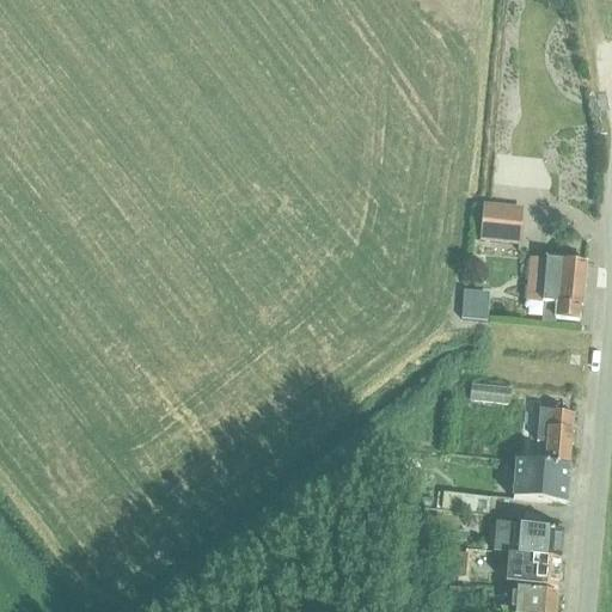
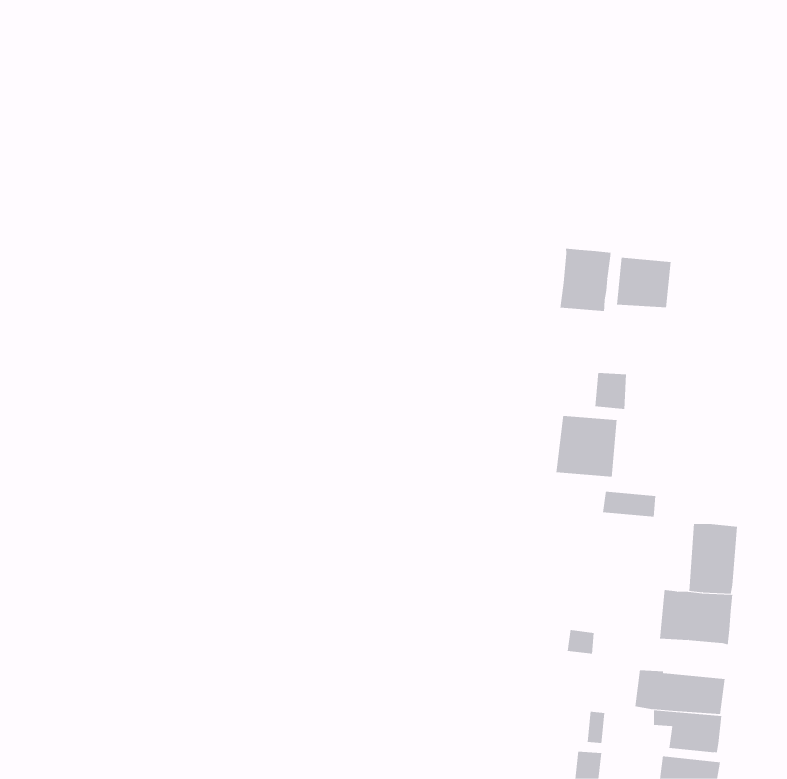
building: none -> [560,248,611,312]
building: [527,253,586,314] -> none
building: none -> [556,415,617,478]

